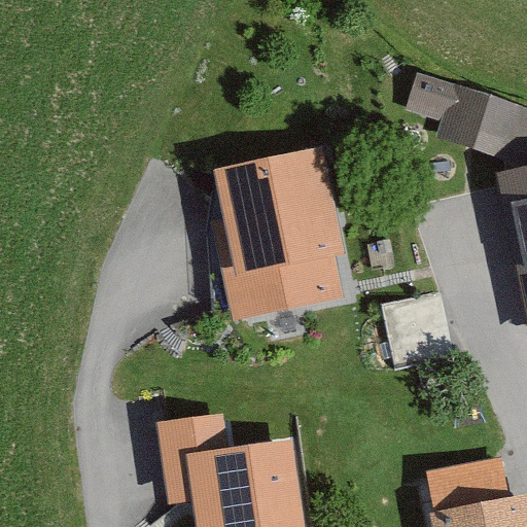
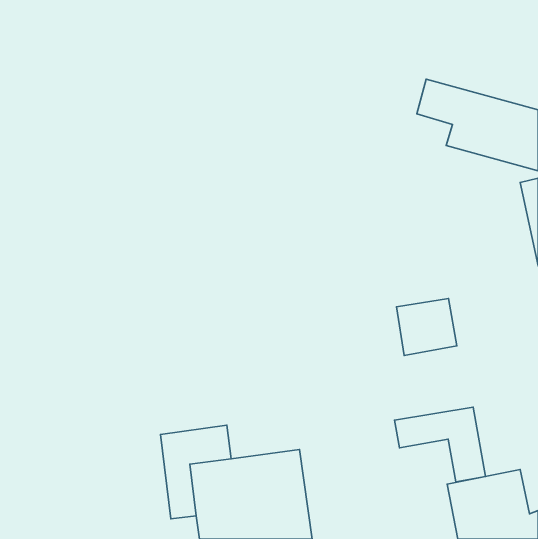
building: [216,146,341,319] -> none
building: none -> [394,407,486,482]

